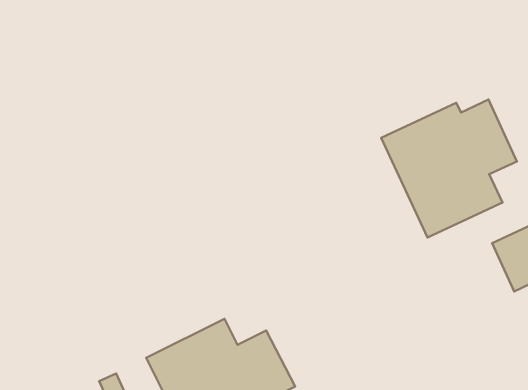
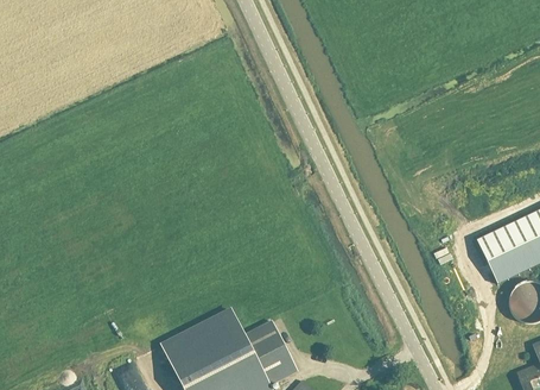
building: [381,100,517,238] -> none

